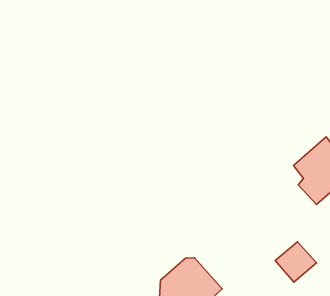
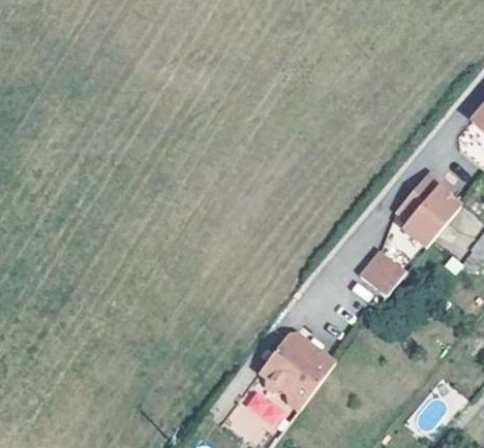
building: [275,242,317,282] -> [361,251,410,298]

